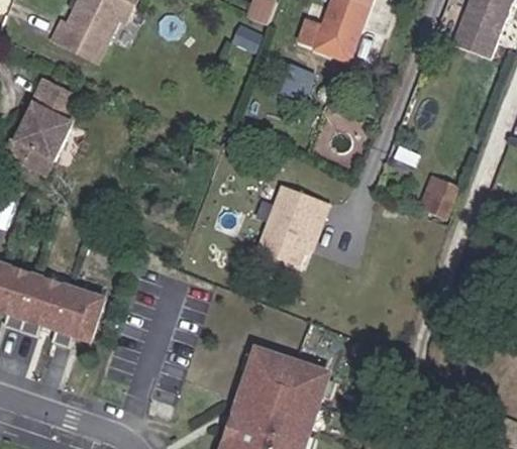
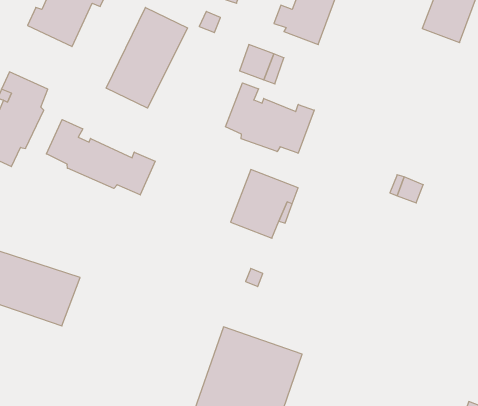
building: none -> [106,7,188,108]
building: none -> [226,83,314,153]
building: none -> [46,120,155,195]

